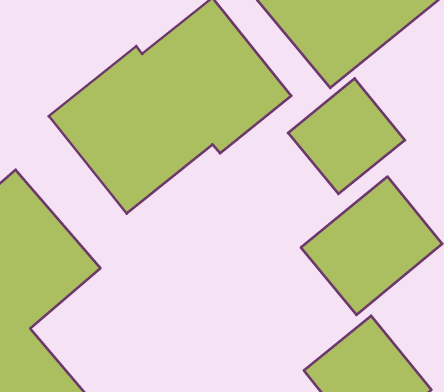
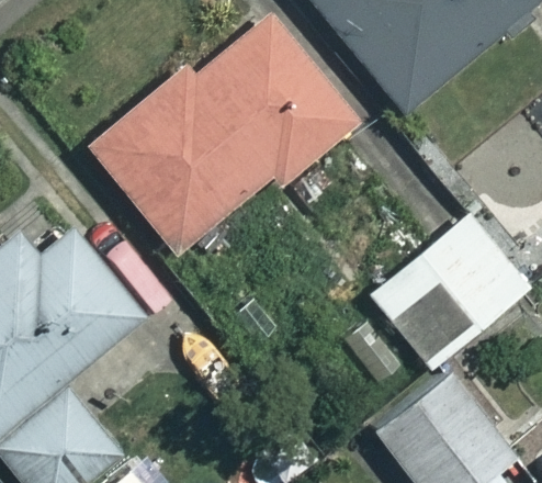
building: [288,78,405,194] -> none

